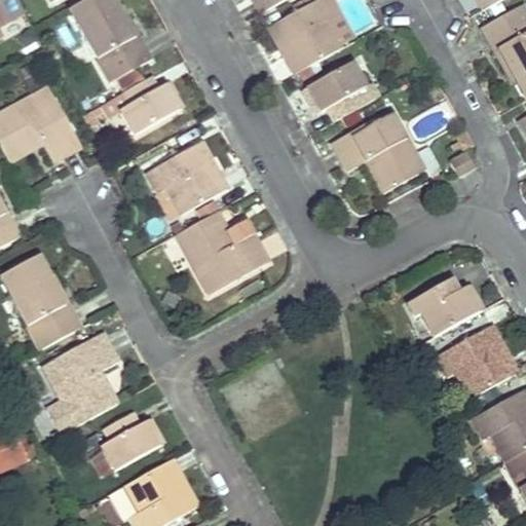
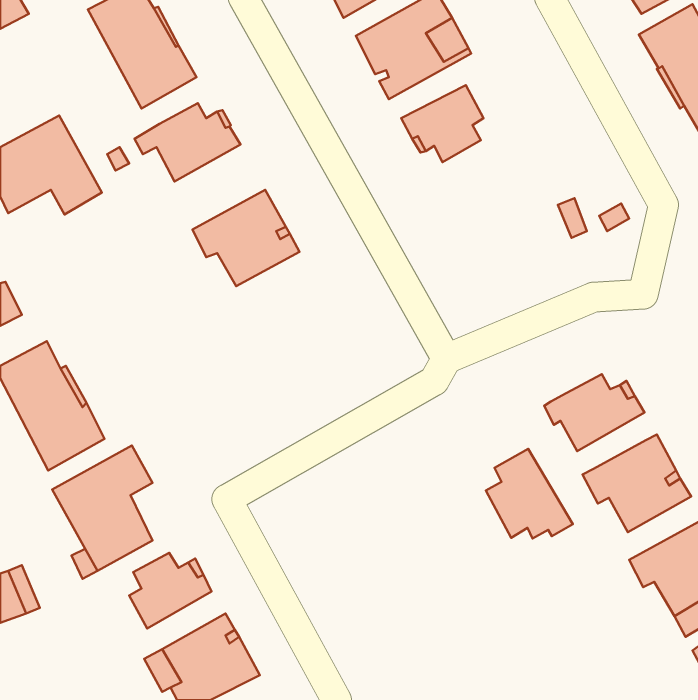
building: [333,109,425,193] -> none
building: [175,211,267,294] -> none
building: none -> [486,449,573,539]

